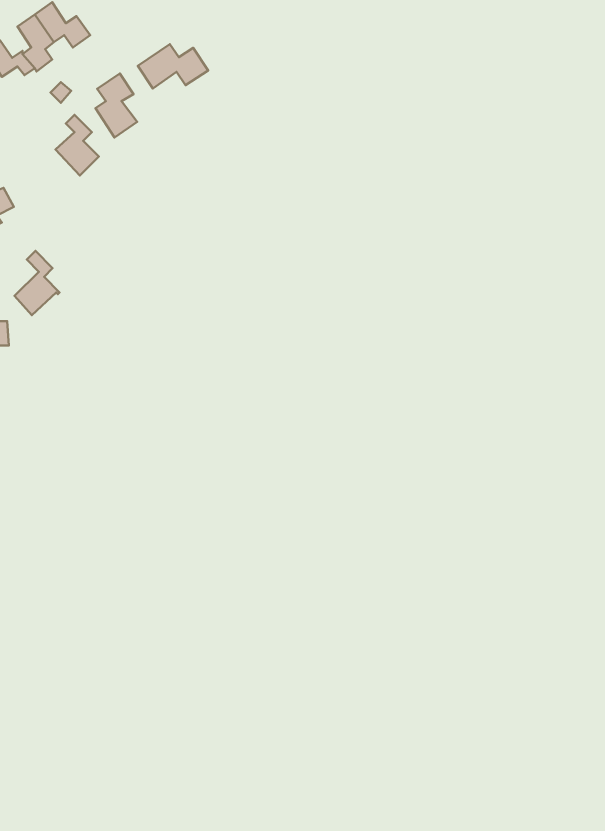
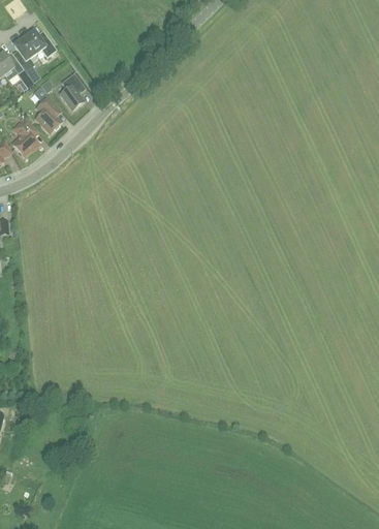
building: [138,44,208,88] -> none
building: [15,251,60,315] -> [11,117,38,155]

